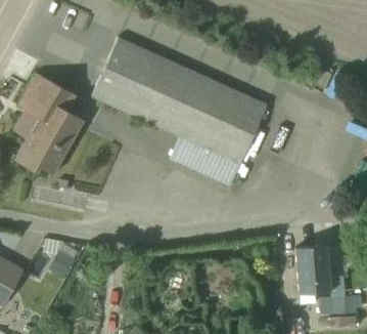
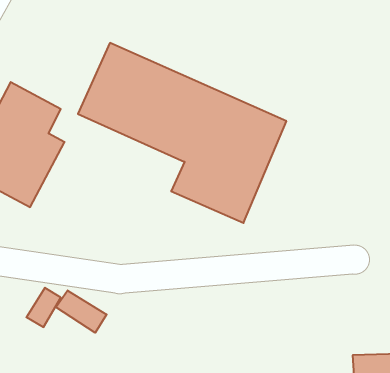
building: none -> [56,290,107,333]
building: [295,247,332,293] -> none

